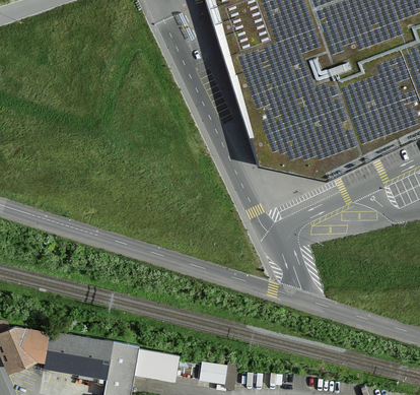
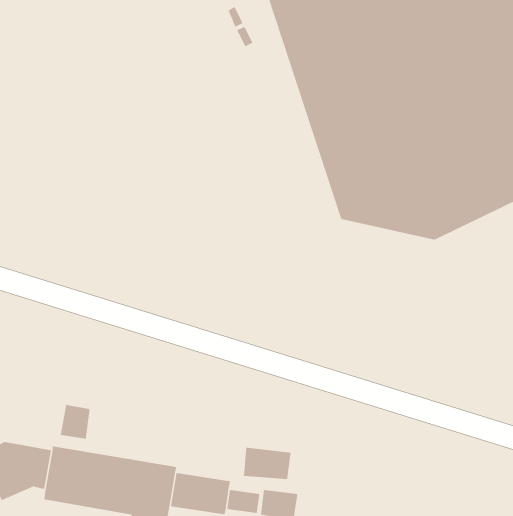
building: none -> [60,404,90,439]
building: none -> [244,447,291,480]

